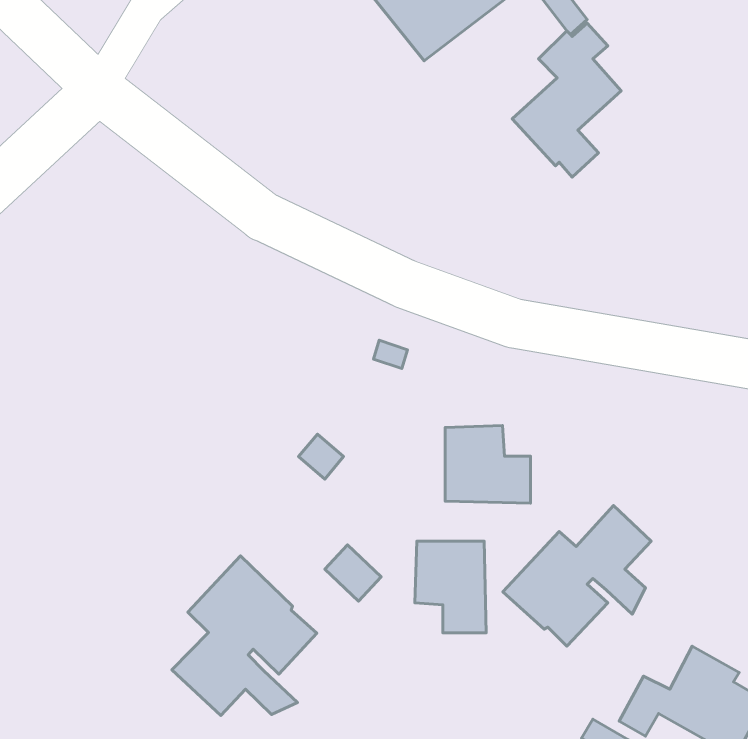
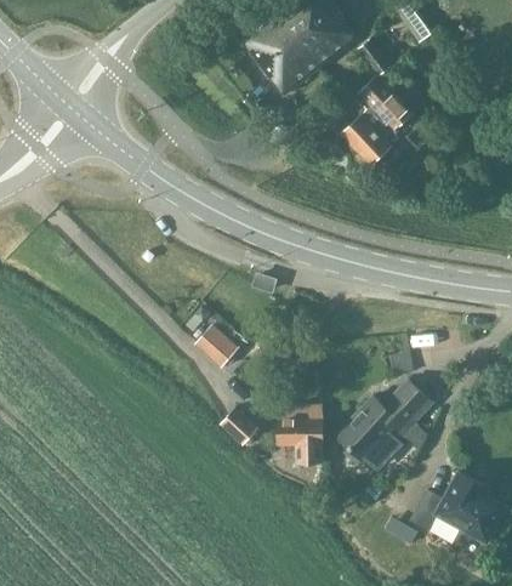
building: [445,426,531,503] -> none
building: [172,556,317,715] -> none

